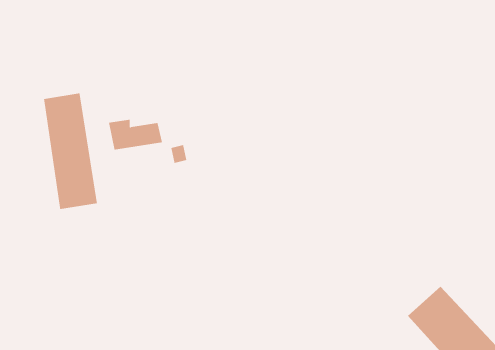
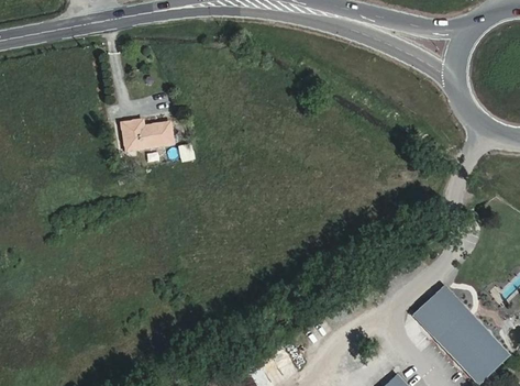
building: [44,92,98,210] -> none

